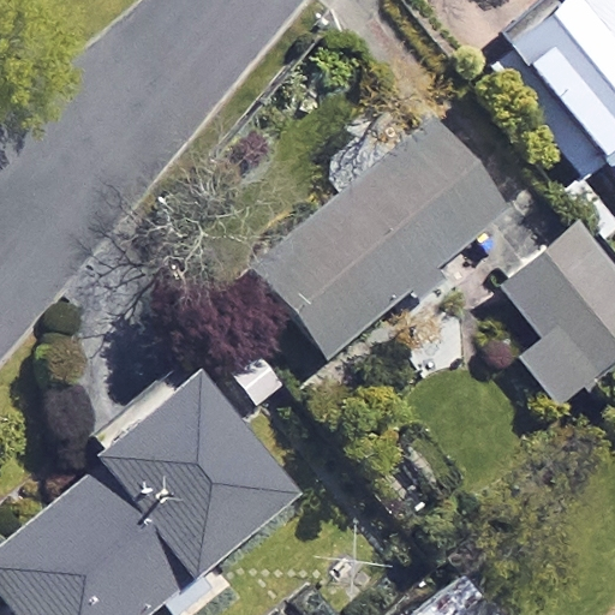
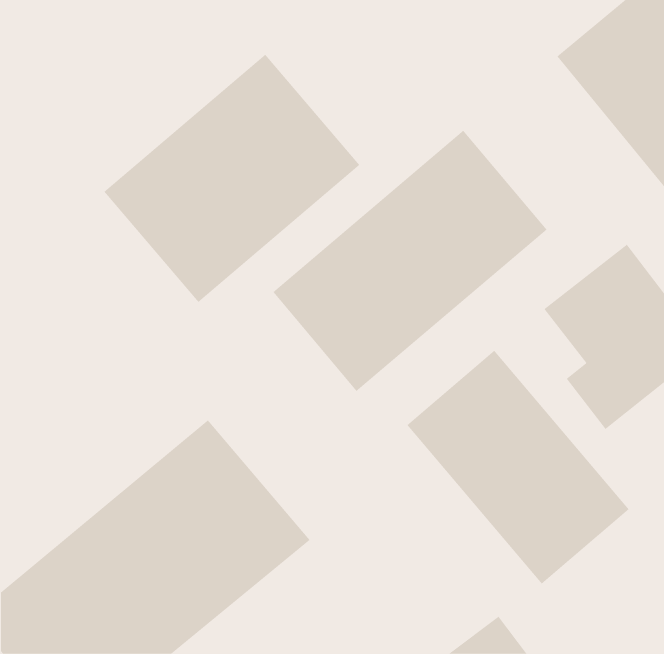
building: none -> [103,54,360,303]
building: none -> [406,350,630,584]

